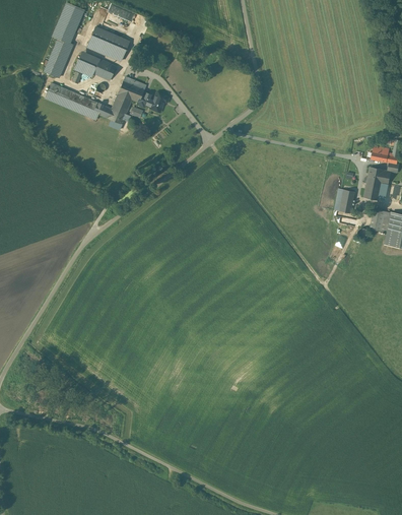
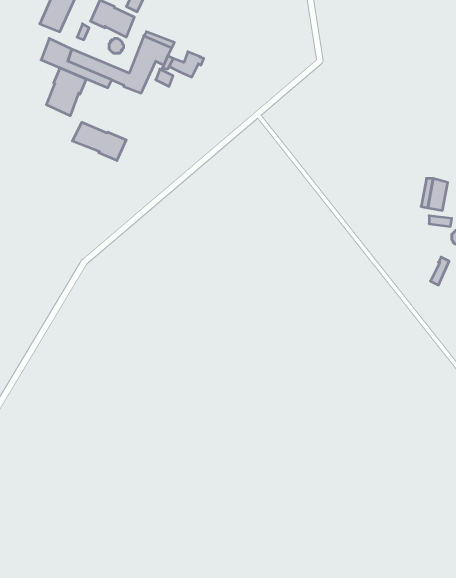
building: none -> [46,68,86,116]
building: none -> [72,122,126,161]

